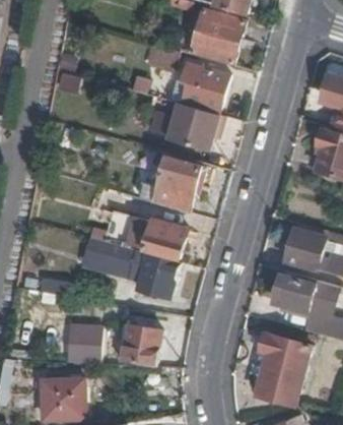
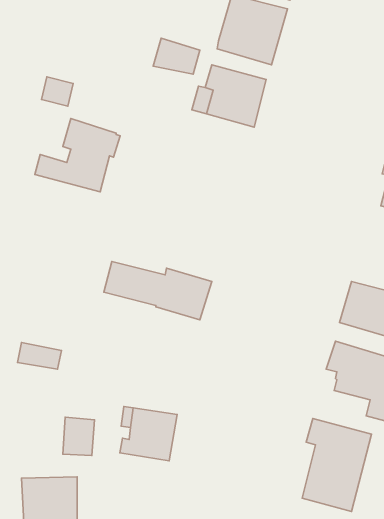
building: [165,102,223,149] -> none
building: [139,155,204,210] -> [35,119,120,192]
building: [81,236,178,297] -> none

